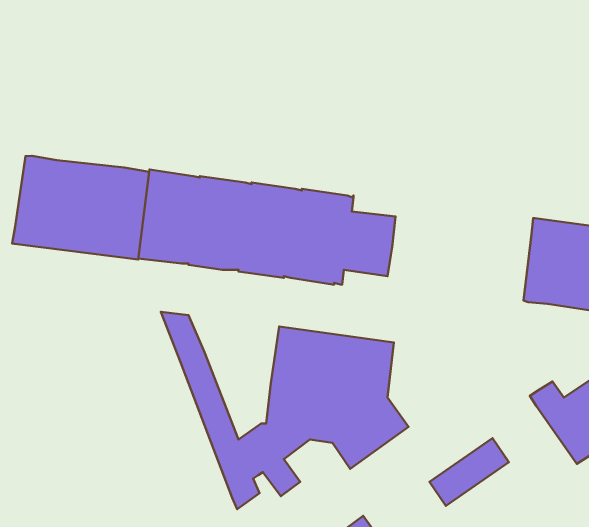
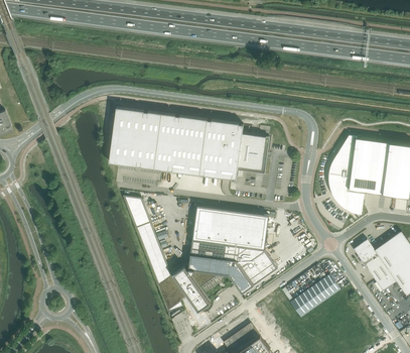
building: [12,156,149,260] -> none
building: none -> [328,136,364,215]

